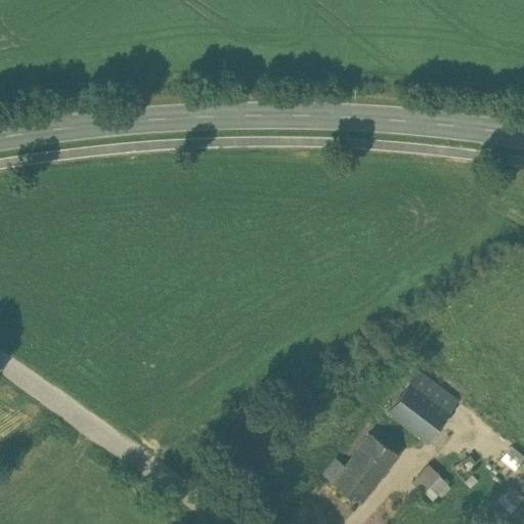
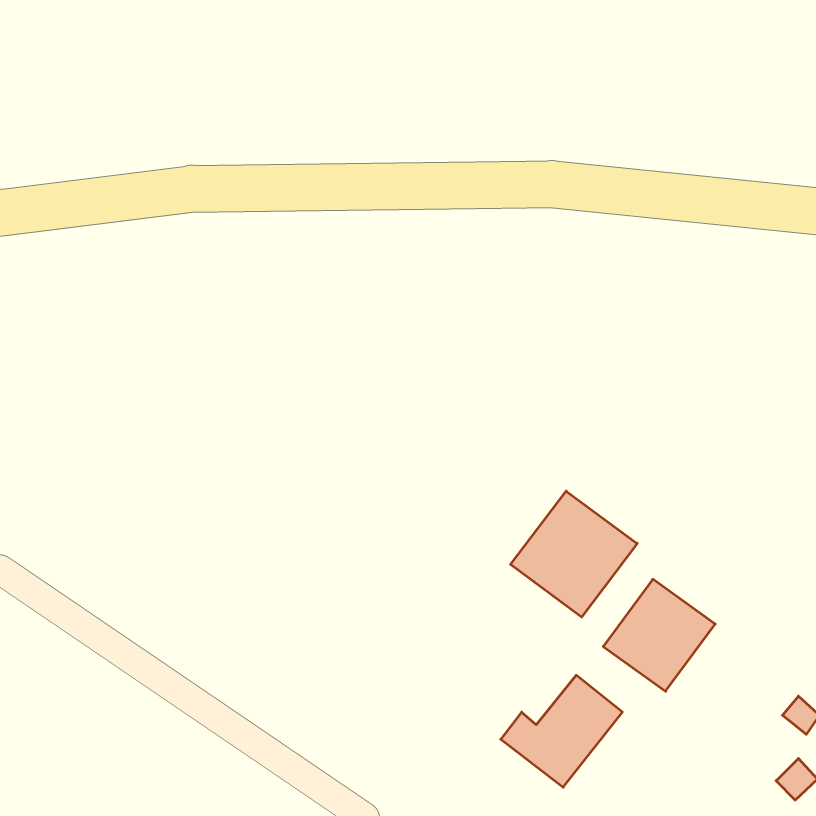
building: none -> [511,491,637,617]
building: [412,466,451,505] -> none

